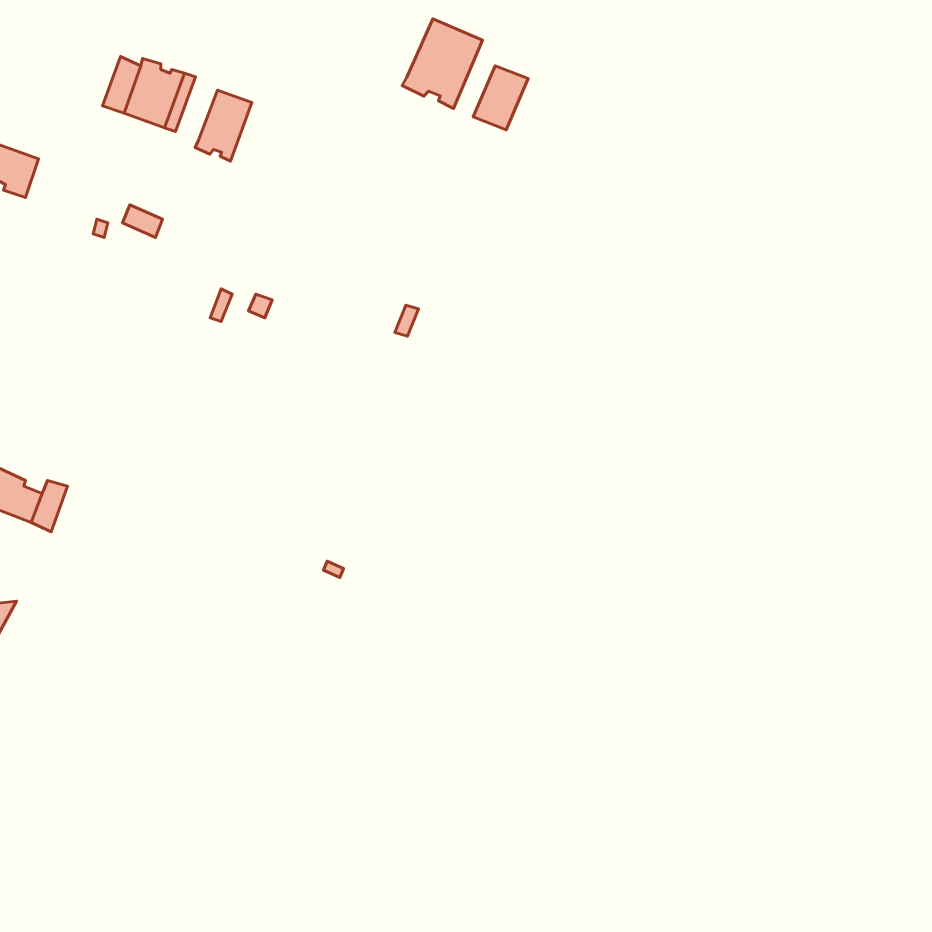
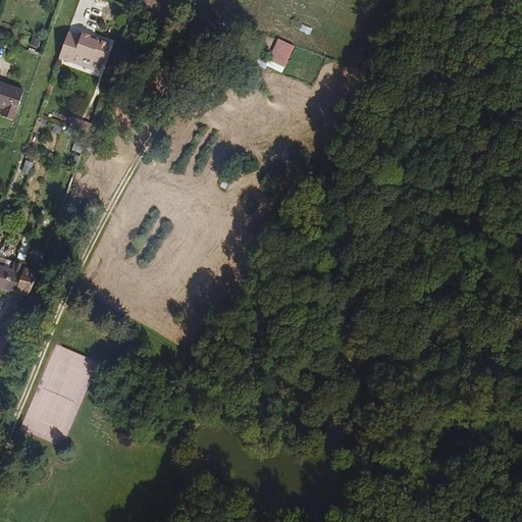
building: [402,19,483,108] -> none
building: [195,90,252,161] -> none

